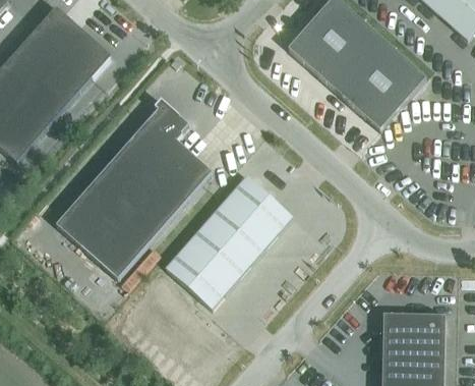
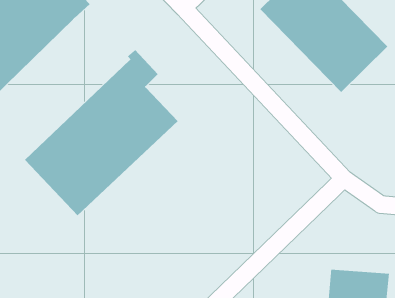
building: [166,174,293,308] -> none

